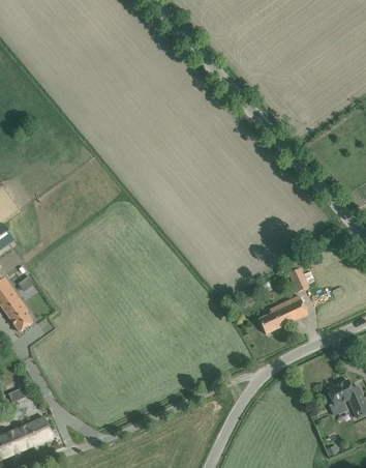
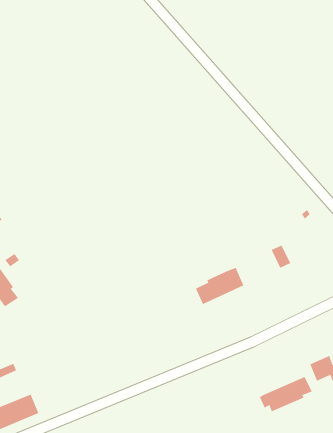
building: [257,295,307,333] -> [195,267,244,305]
building: none -> [259,376,313,412]

